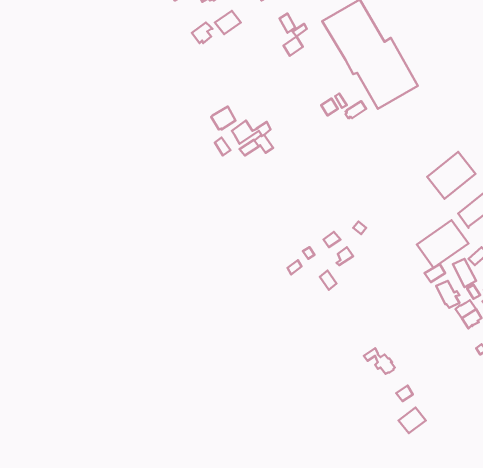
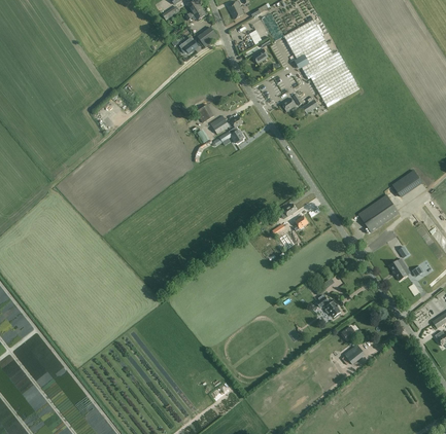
building: [427,152,475,199] -> none

